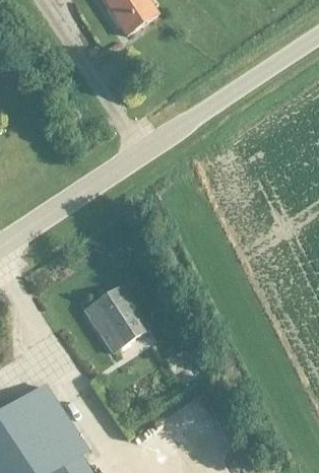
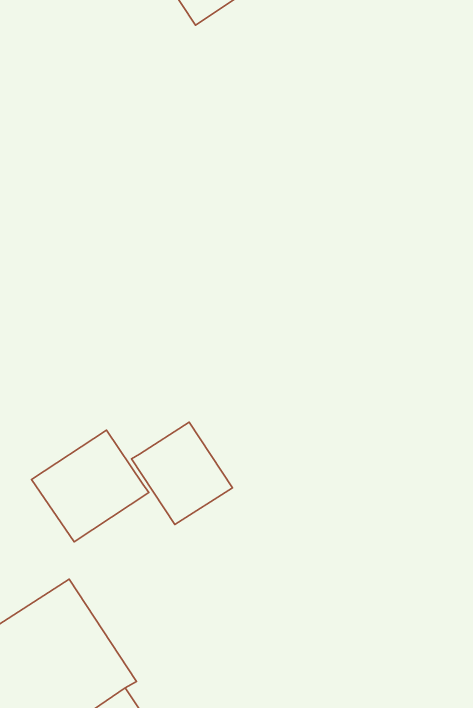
building: none -> [32,430,149,542]

